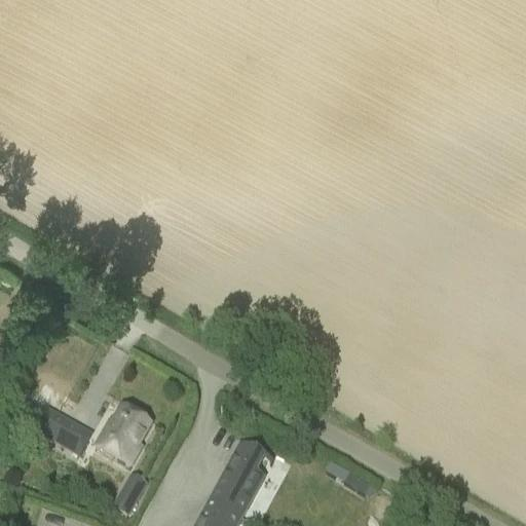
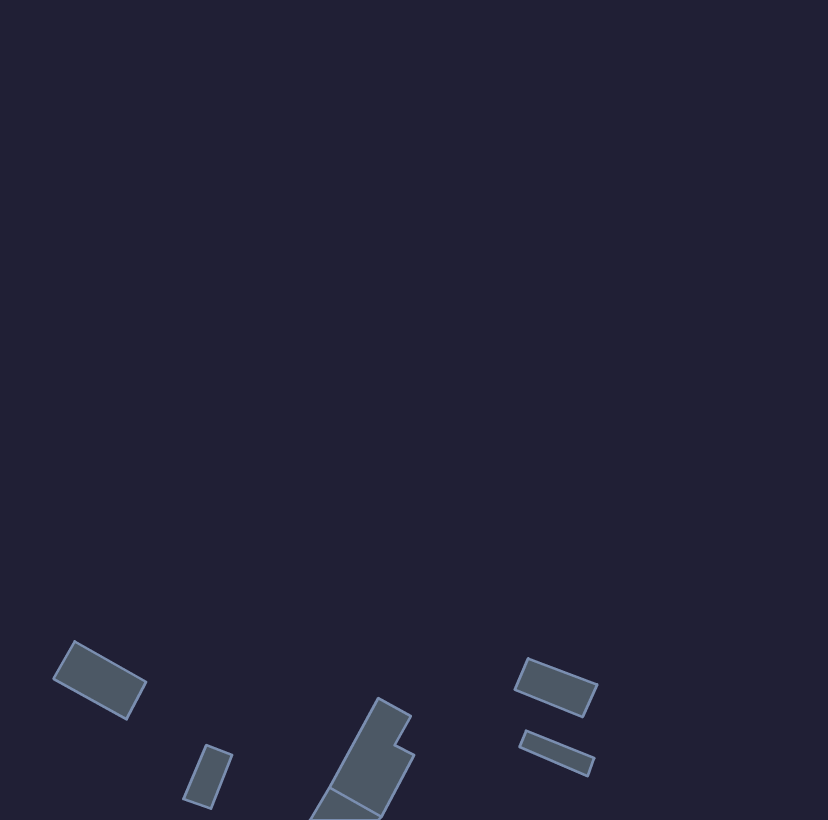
building: [96,406,151,465] -> none
building: none -> [515,658,597,717]

